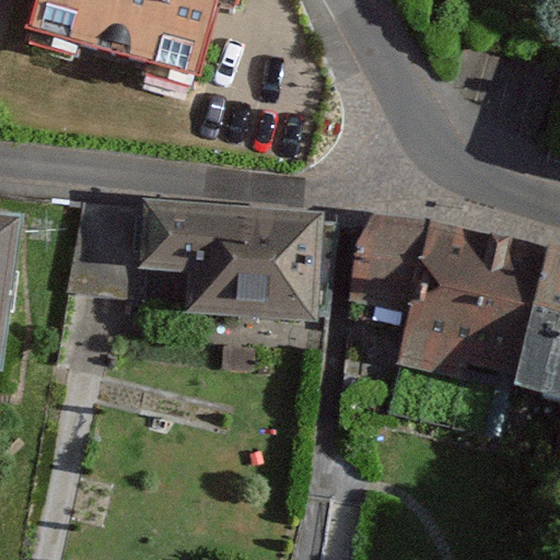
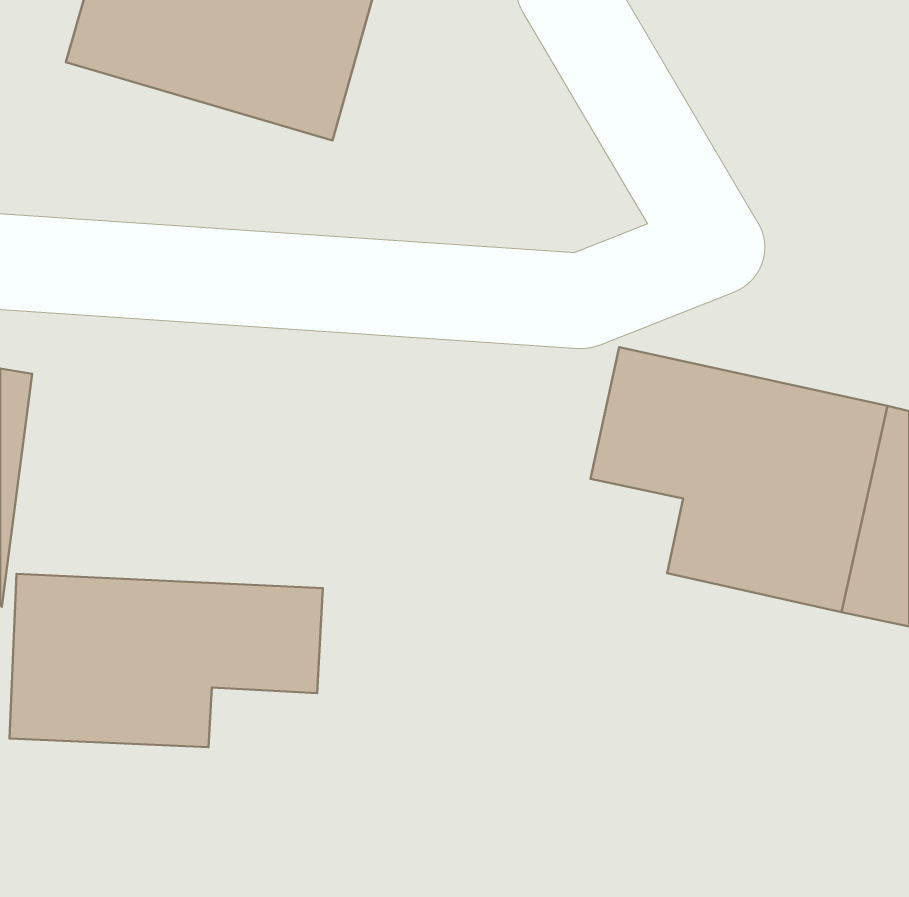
building: [80,202,324,313] -> none
building: none -> [9,574,323,747]

